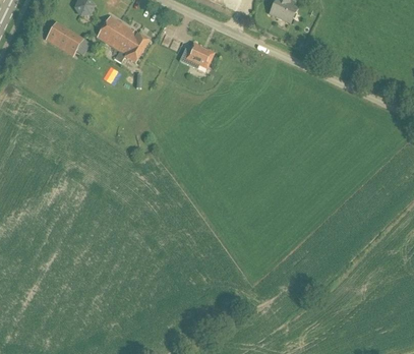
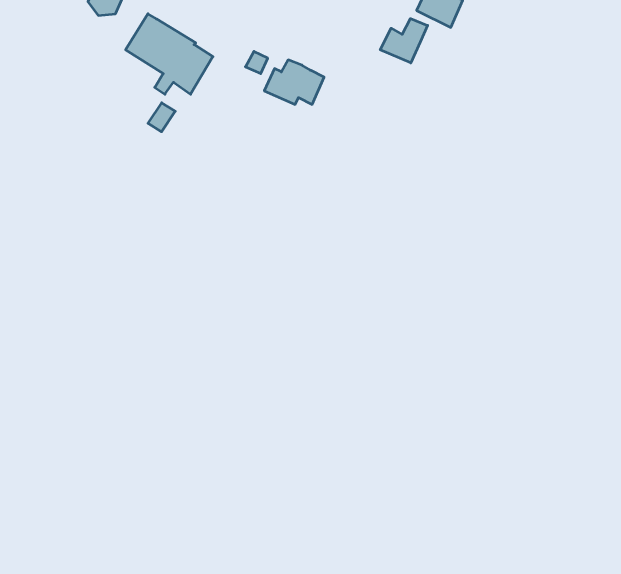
building: none -> [380,19,428,63]
building: [46,21,91,56] -> none

